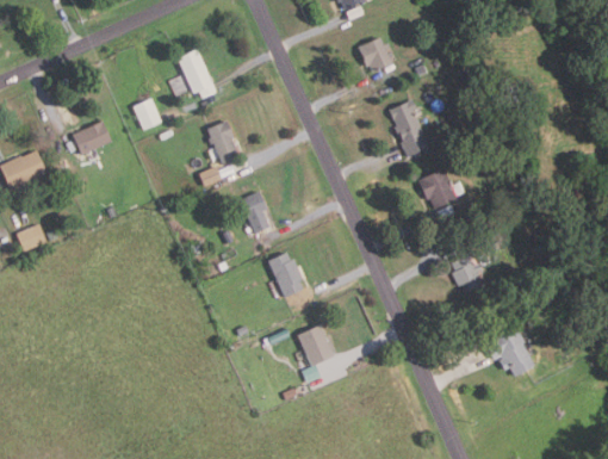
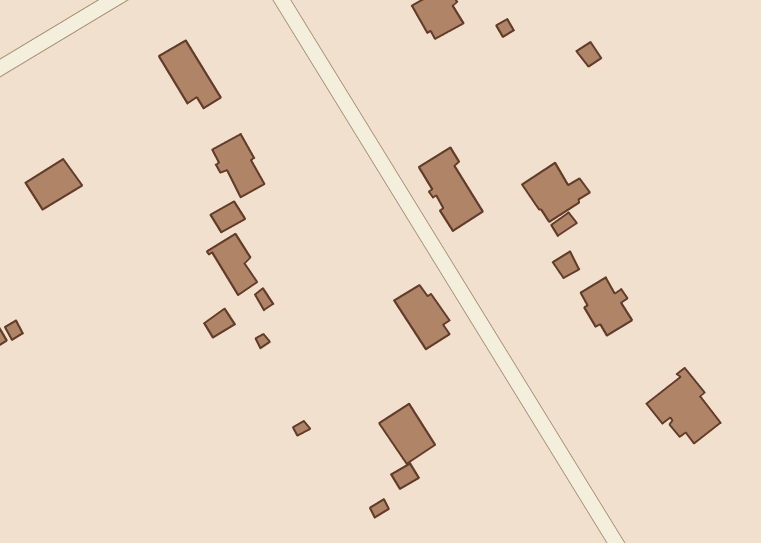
building: [134,99,162,130] -> none
building: [389,99,429,157] -> [419,148,483,231]
building: [237,192,269,235] -> [207,234,257,295]
building: [267,253,304,298] -> [394,285,450,349]

